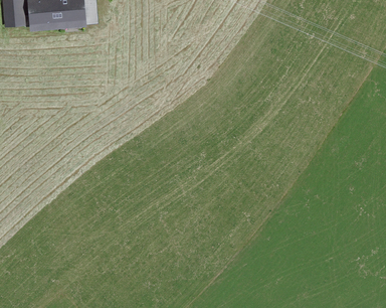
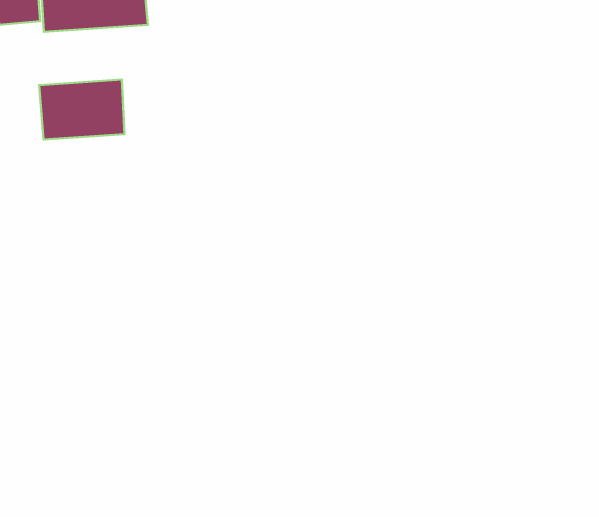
building: none -> [39,79,125,140]

